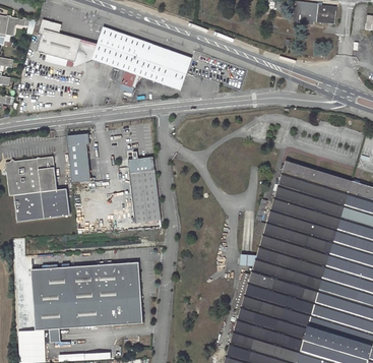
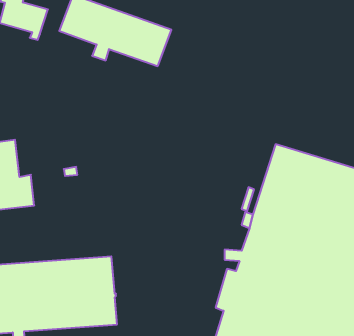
building: [69,132,96,181] -> none
building: [127,158,161,224] -> none

